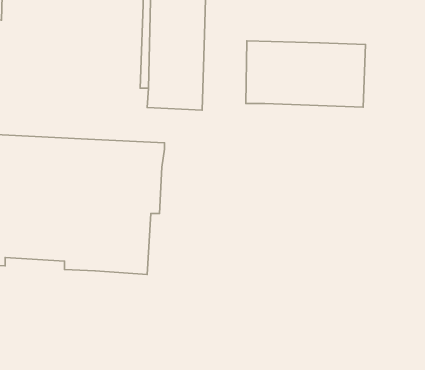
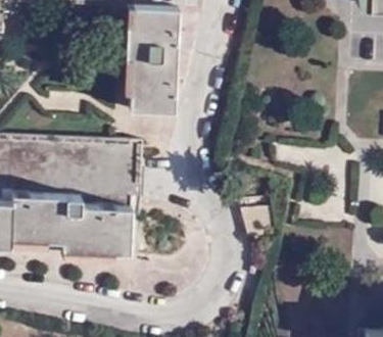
building: [246,41,365,107] -> none

